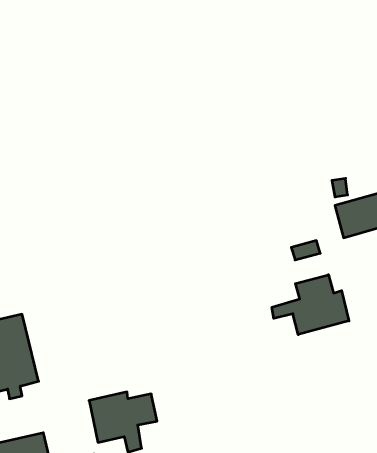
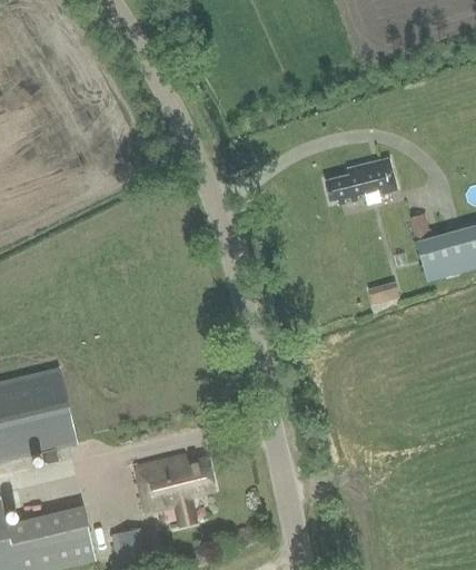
building: none -> [327,158,396,204]
building: [272,275,349,335] -> none

